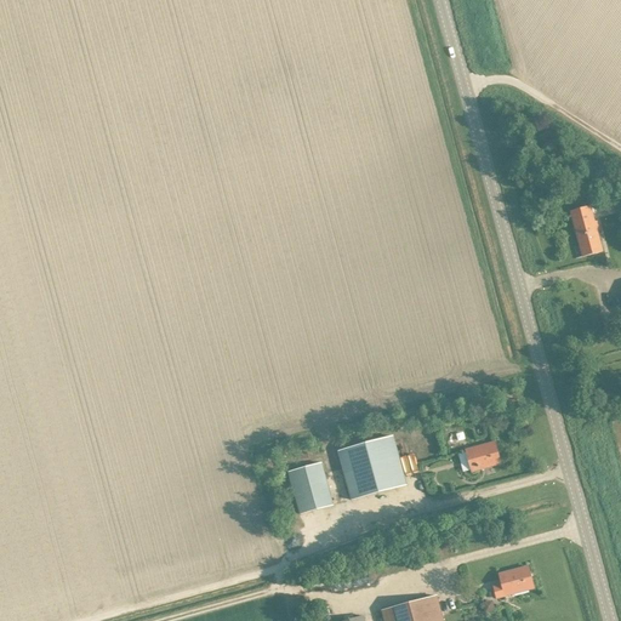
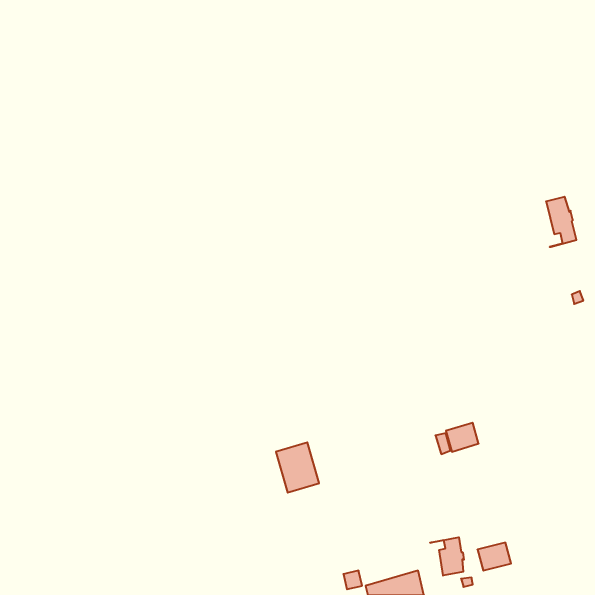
building: [337,434,405,498] -> none
building: none -> [430,537,464,576]

